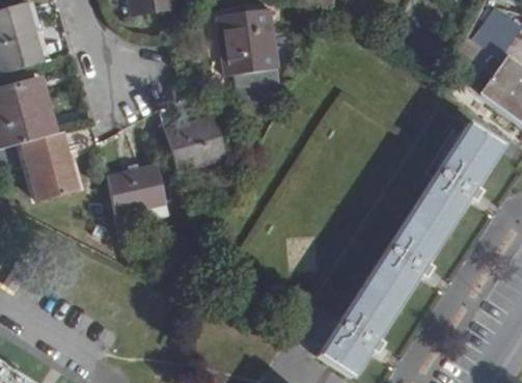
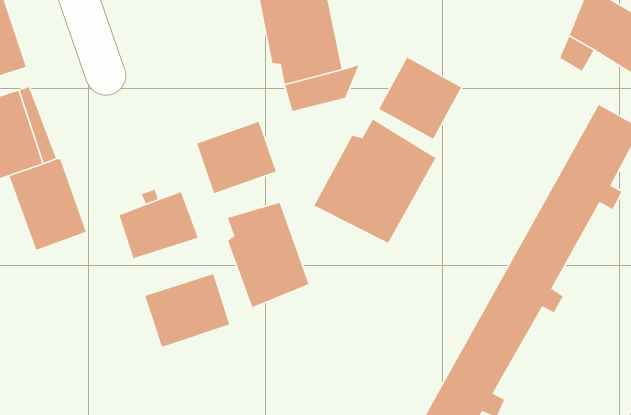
building: none -> [378,56,462,140]
building: none -> [313,118,436,244]
building: none -> [227,202,310,308]
building: none -> [144,273,230,348]

